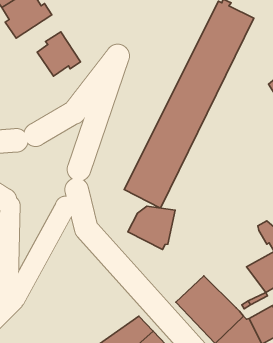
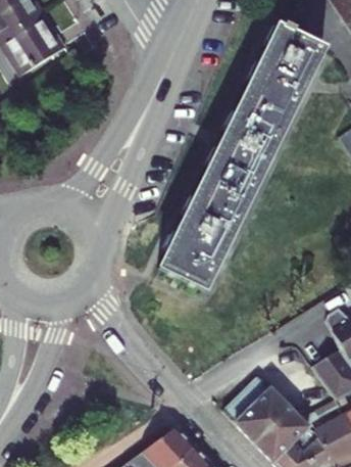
building: [37,32,81,76] -> none
building: [128,206,175,249] -> none

